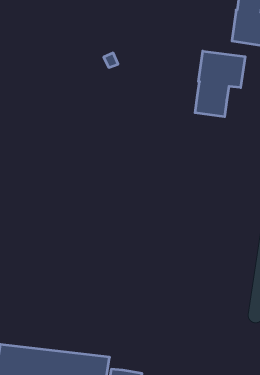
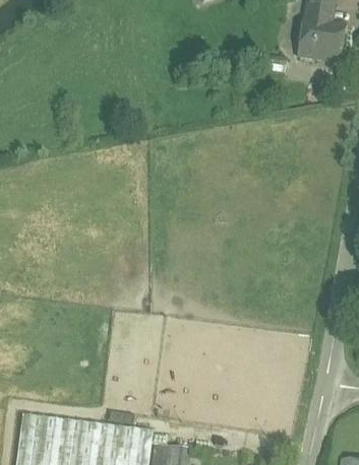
building: [195,51,245,117] -> none

